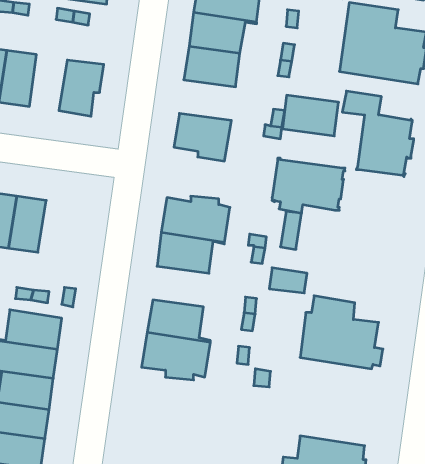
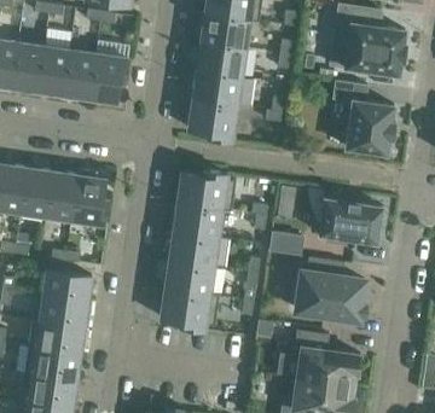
building: none -> [64,50,97,98]
building: [282,95,339,136] -> [193,71,242,106]
building: [272,158,345,213] -> [320,198,383,245]
building: none -> [71,175,108,225]
building: none -> [170,232,219,267]
building: none -> [294,331,361,386]

